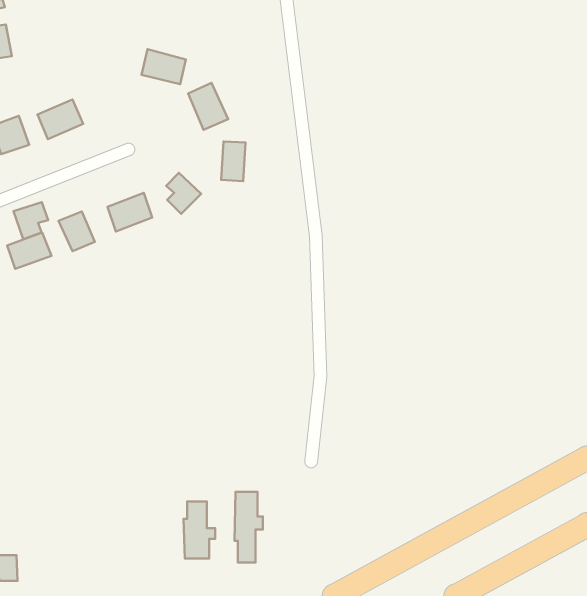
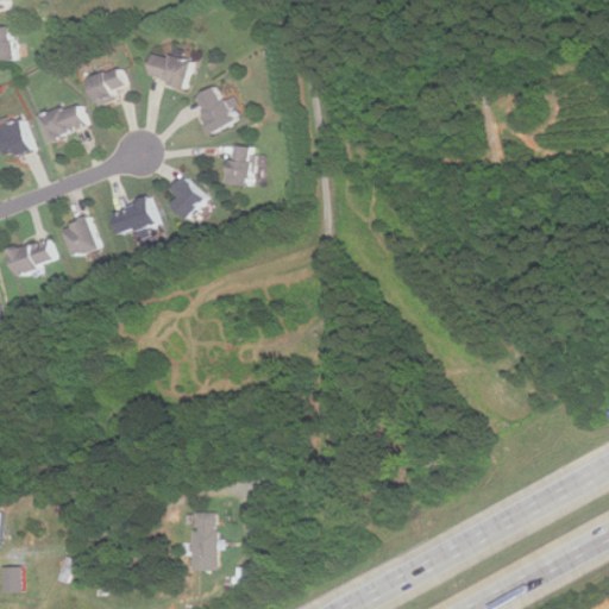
building: none -> [86,68,121,105]
building: [13,202,48,239] -> none
building: [235,492,263,563] -> none

